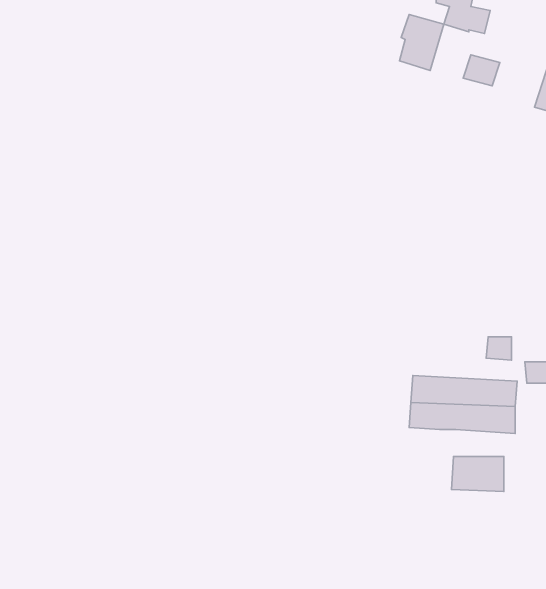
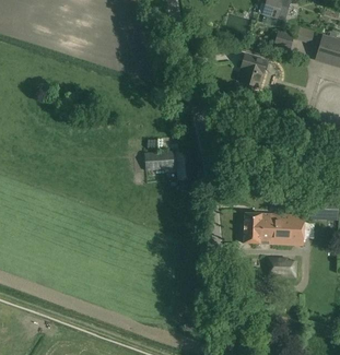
building: [399,14,444,70] -> [241,56,266,87]
building: none -> [144,149,194,179]

